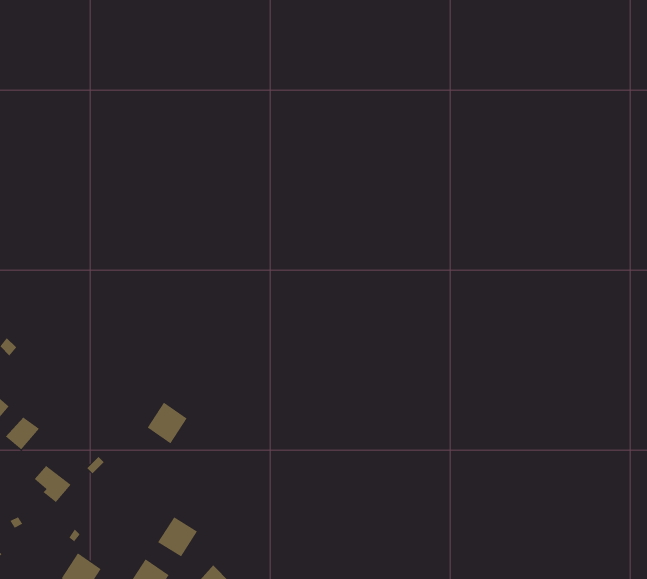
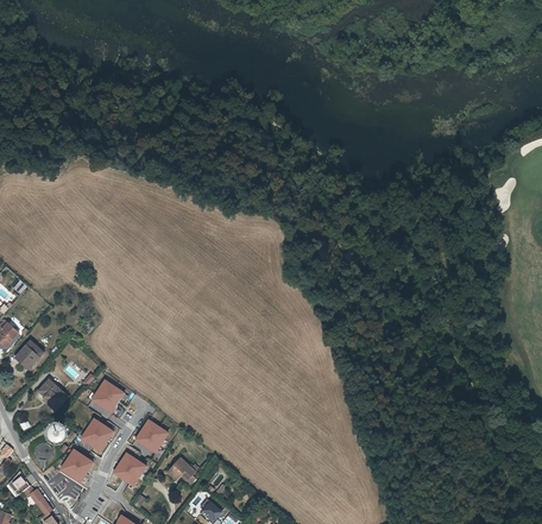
building: [147,402,188,444] -> [92,379,124,412]
building: none -> [81,418,114,452]

